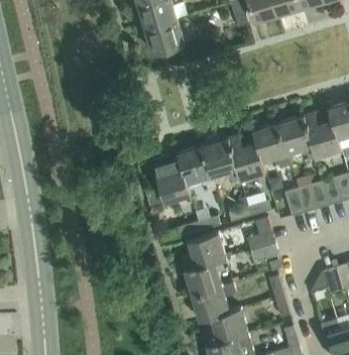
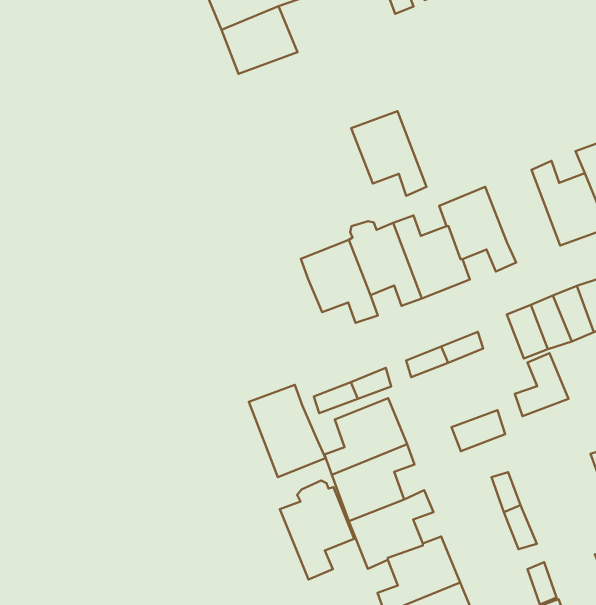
building: [277,116,315,161] -> [351,111,426,196]
building: [151,153,190,202] -> [249,385,326,477]
building: [246,217,274,249] -> [515,353,569,416]
building: none -> [280,480,354,579]

